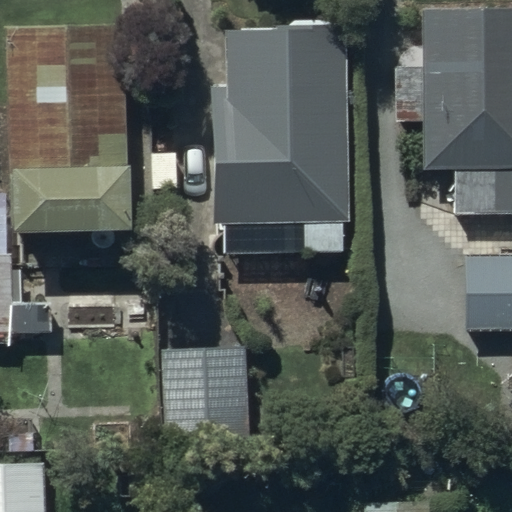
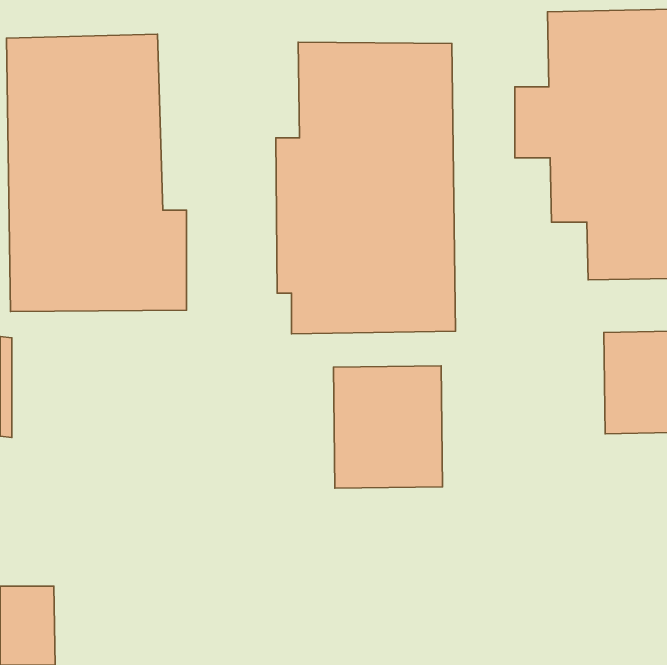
building: [165,345,248,438] -> [334,366,443,488]

